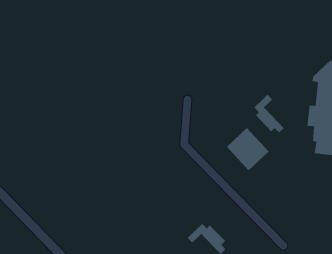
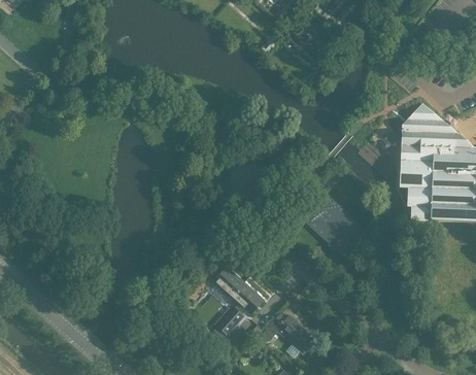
building: [253,94,284,133] -> none
building: none -> [213,267,263,335]

